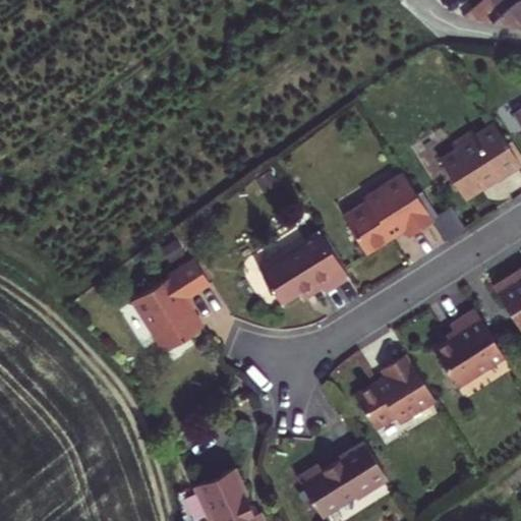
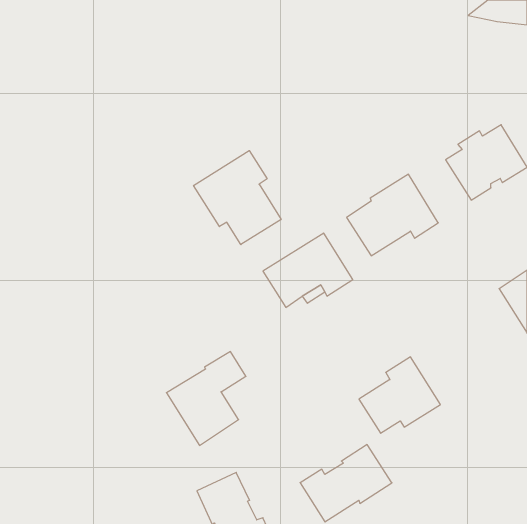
building: none -> [194,151,281,245]
building: [131,260,210,353] -> [166,352,246,445]
building: [432,311,504,389] -> none

